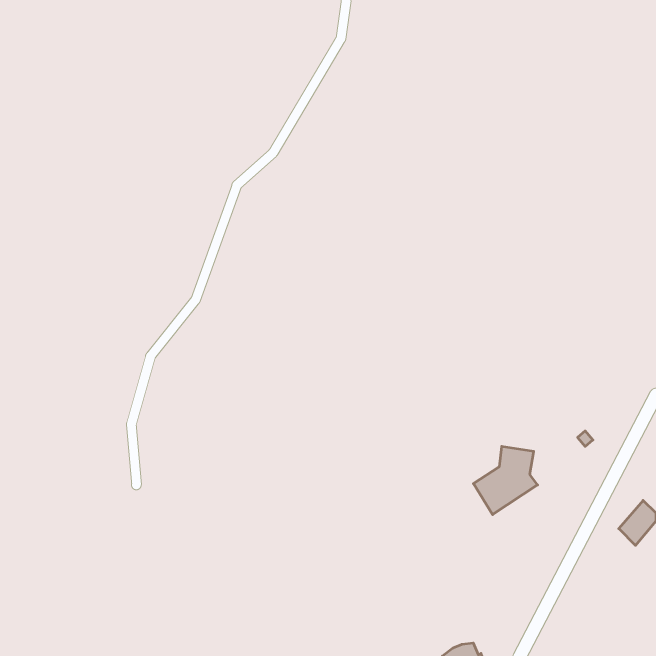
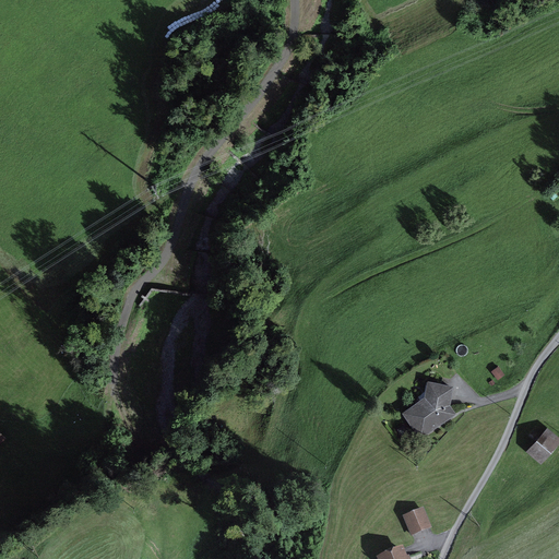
building: none -> [402,508,431,537]

